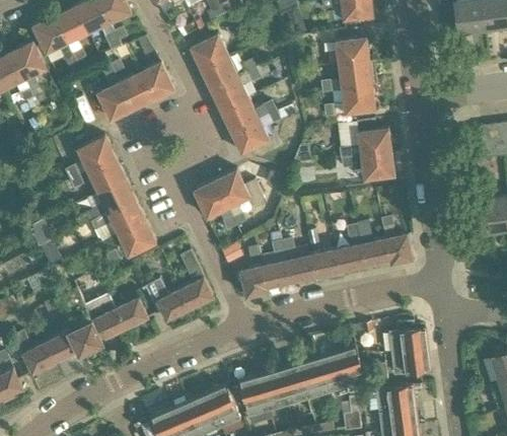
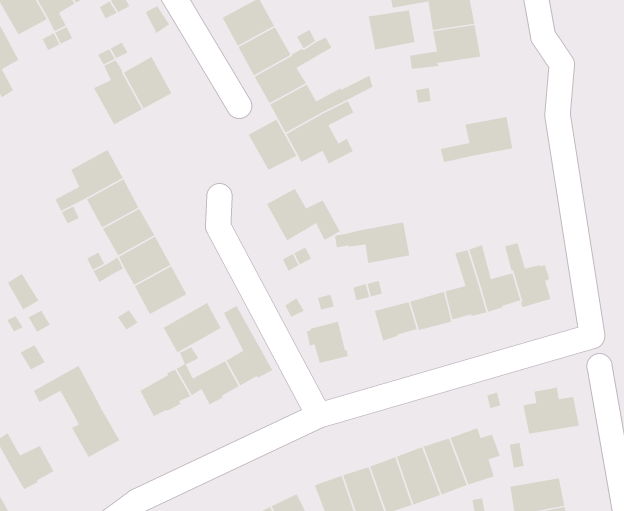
building: [140,63,174,100] -> none
building: [342,86,375,114] -> [367,10,416,50]
building: [342,152,394,180] -> [334,221,410,264]
building: [194,181,228,218] -> [247,118,297,171]
building: none -> [162,302,222,353]
building: [262,261,292,287] -> none
building: [87,305,128,343] -> none
building: [47,332,80,362] -> none
building: [391,350,431,375] -> none

